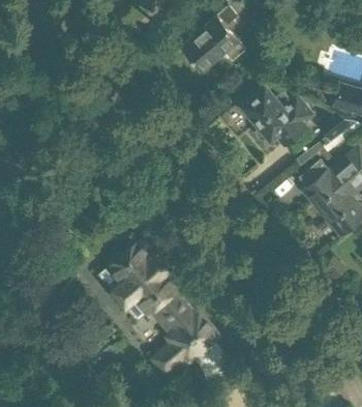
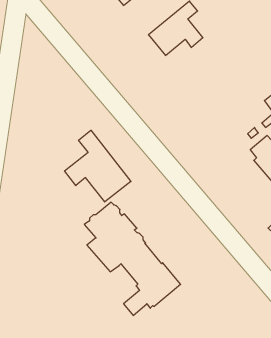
building: [243,86,314,144] -> none
building: none -> [65,130,131,202]

